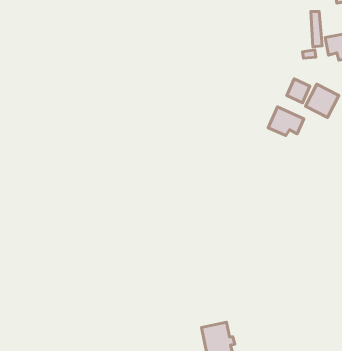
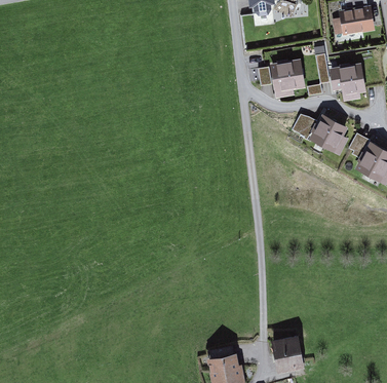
building: none -> [271,62,302,90]
building: [268,107,304,136] -> none
building: none -> [273,337,301,368]

